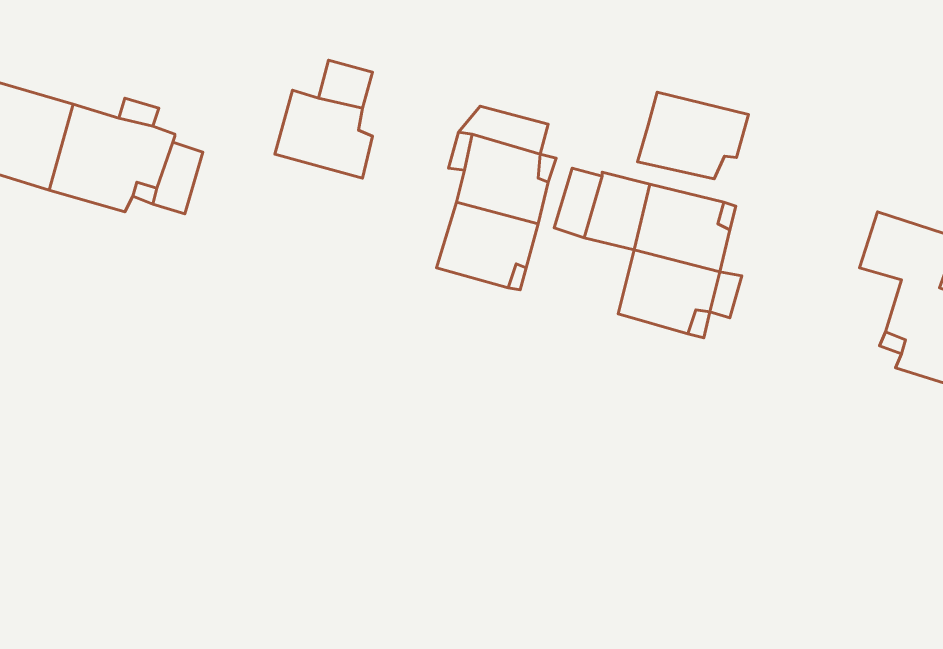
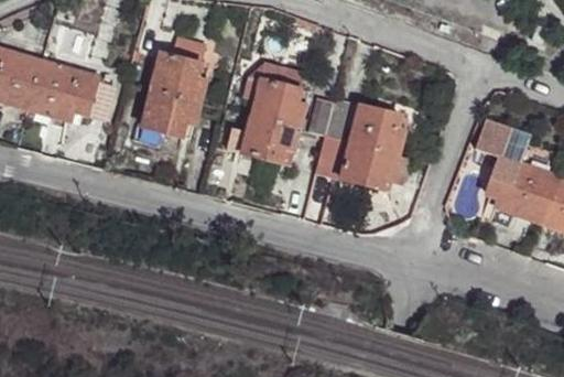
building: [638,92,748,179] -> none
building: none -> [142,90,200,137]
building: none -> [313,137,350,179]

